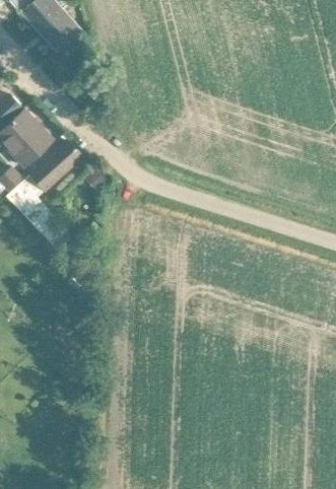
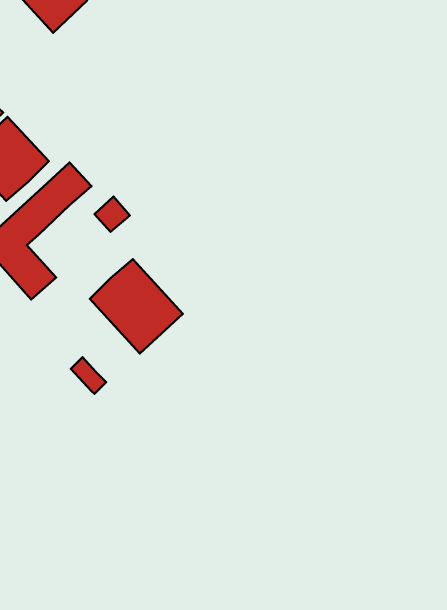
building: none -> [90,259,183,354]

